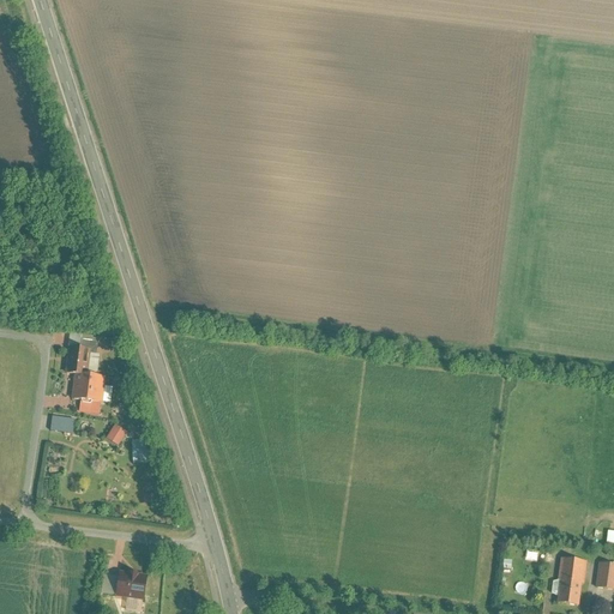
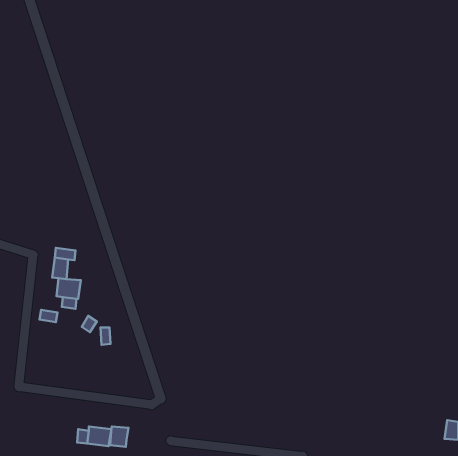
building: [554,558,585,604] -> none
building: none -> [110,426,128,447]

